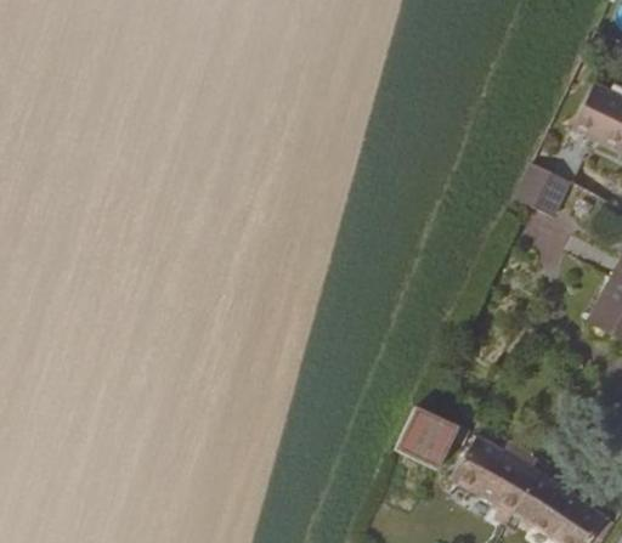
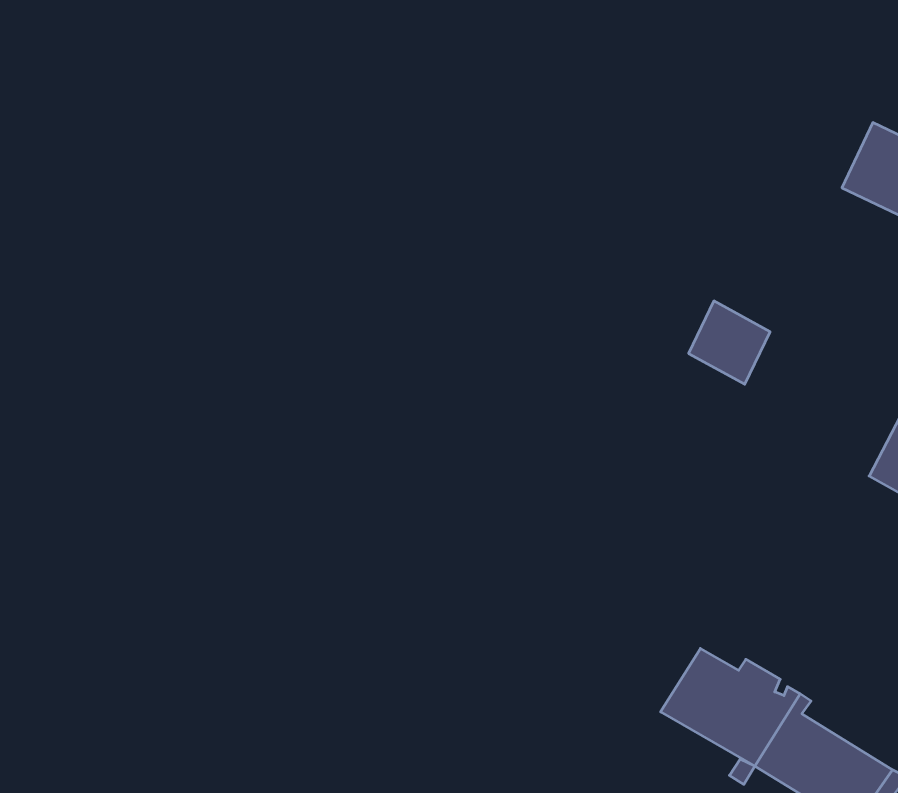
building: [515,162,570,217] -> [689,301,770,384]
building: [395,407,459,471] -> none

